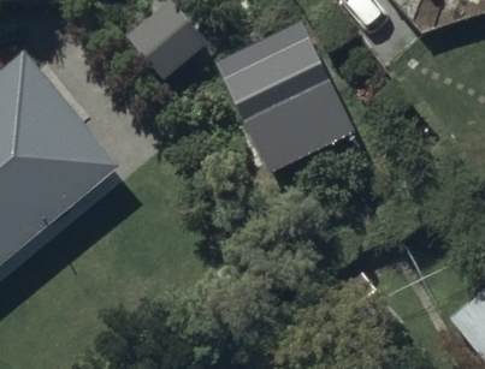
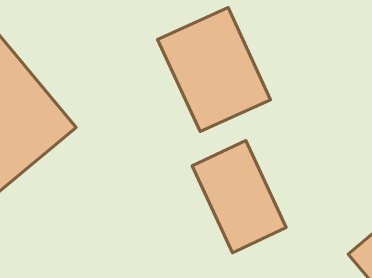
building: none -> [192,140,286,253]

